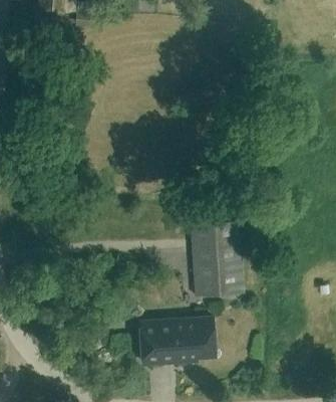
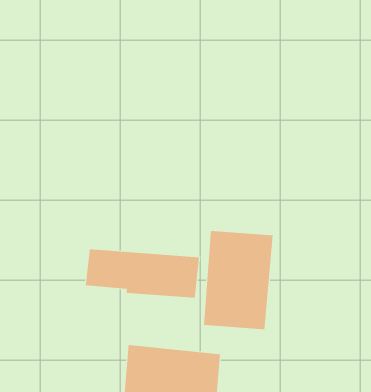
building: none -> [85,249,199,298]

